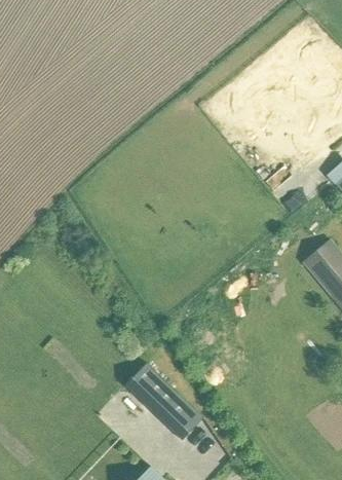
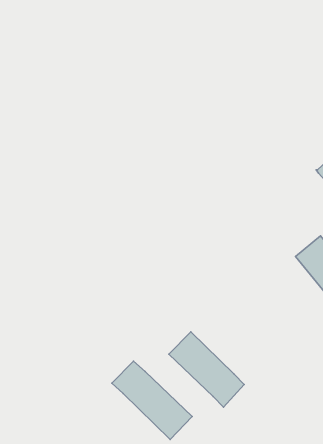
building: none -> [169,332,244,407]

